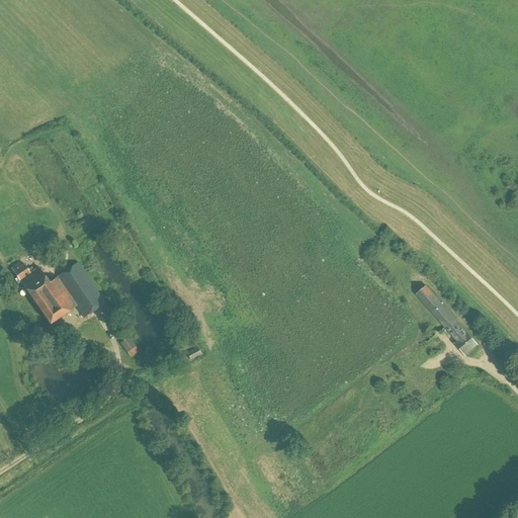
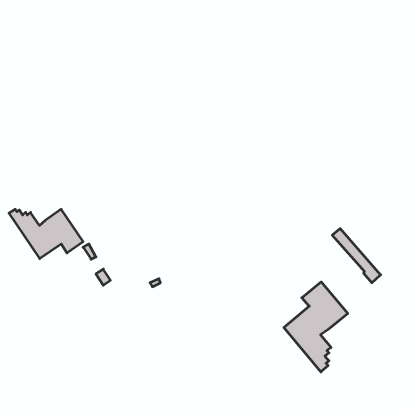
building: none -> [284,282,348,372]

